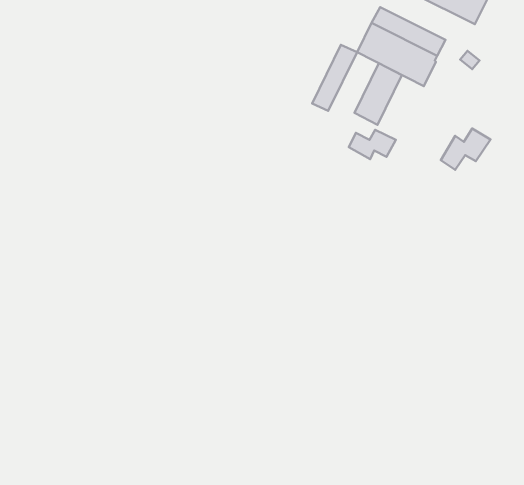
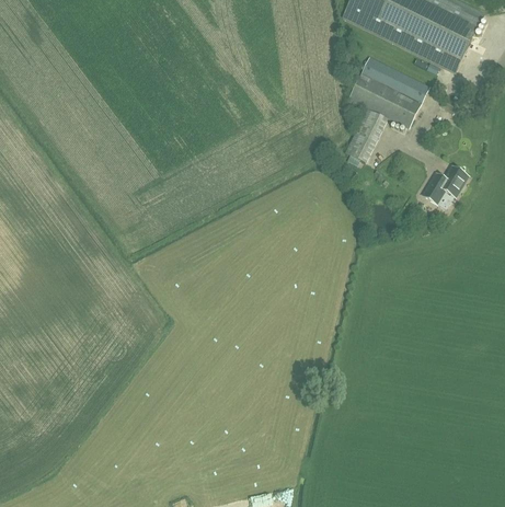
building: [312,45,357,111] -> none
building: [349,130,396,159] -> none

